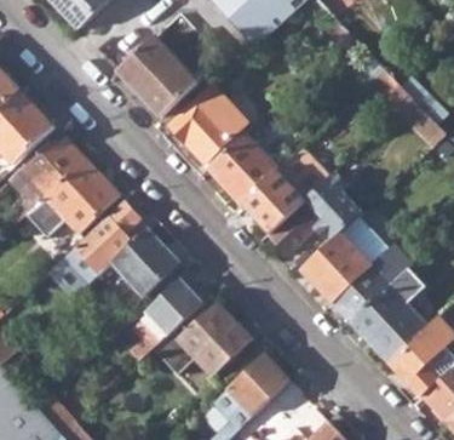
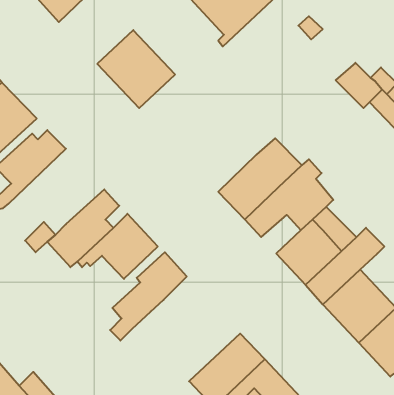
building: [169,87,248,161] -> none
building: [209,136,283,206] -> none
building: [25,161,120,239] -> none
building: [154,295,253,377] -> none

